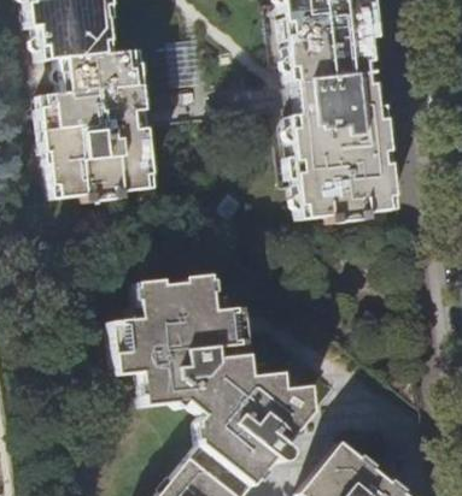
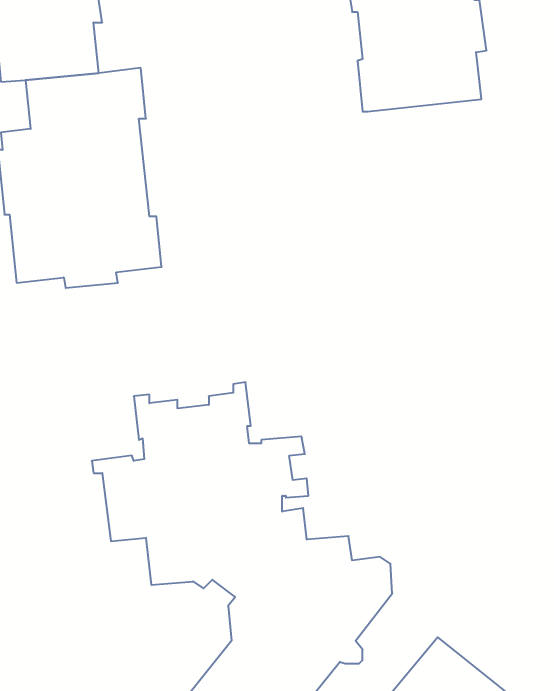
building: [290,72,394,223] -> none

